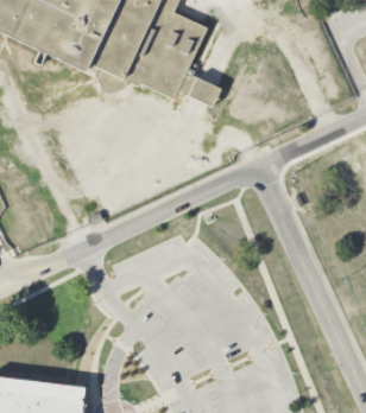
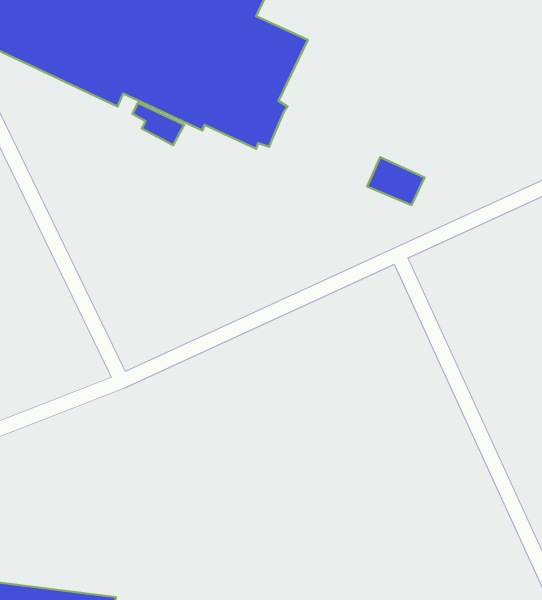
building: [183,75,220,106] -> [367,157,425,205]

